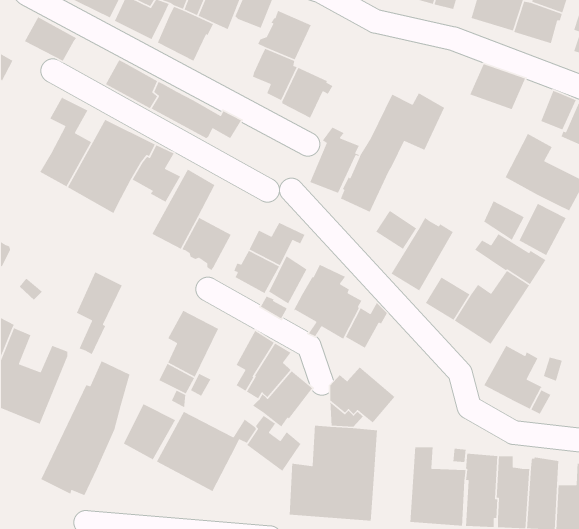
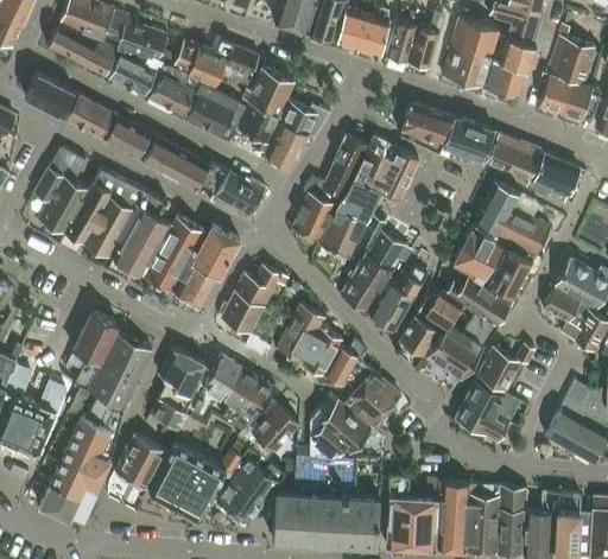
building: none -> [185,85,247,135]
building: none -> [61,94,113,138]
building: none -> [277,100,331,139]
building: none -> [400,103,454,154]
building: none -> [486,133,519,172]
building: none -> [321,135,366,203]
building: none -> [214,171,266,216]
building: none -> [359,216,412,272]
building: none -> [188,225,240,278]
building: none -> [463,225,504,261]
building: none -> [113,227,157,277]
building: none -> [340,273,379,313]
building: none -> [414,294,461,334]
building: [268,255,308,305] -> [203,354,240,400]
building: none -> [88,332,152,408]
building: none -> [477,344,536,393]
building: none -> [344,361,400,426]
building: none -> [216,470,266,525]
building: none -> [349,497,379,547]

